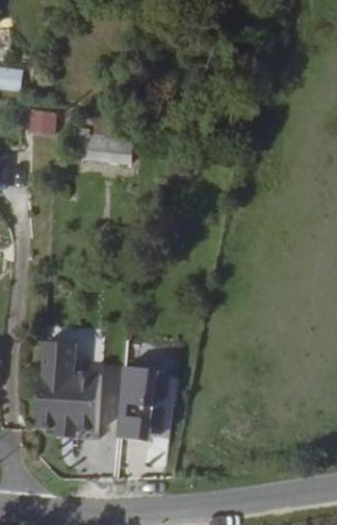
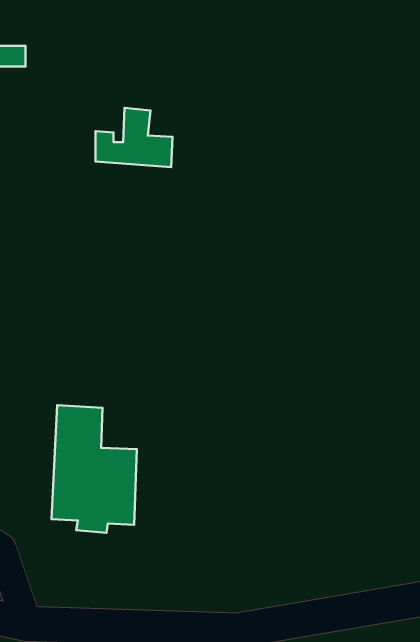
building: [120,367,175,440] -> none

